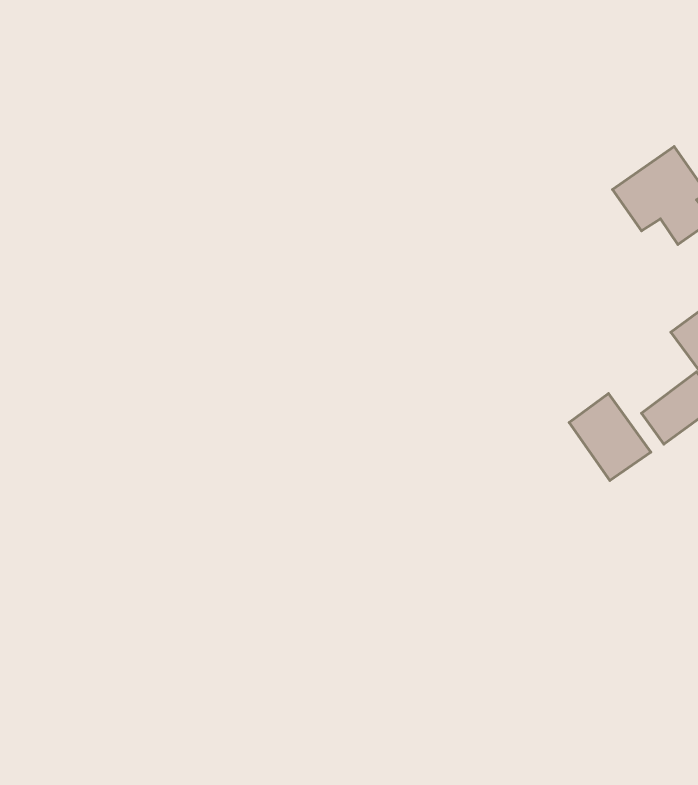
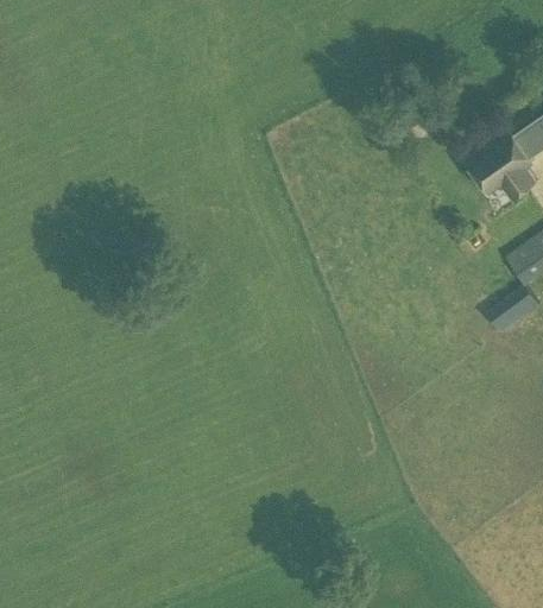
building: [569,394,651,480] -> none

